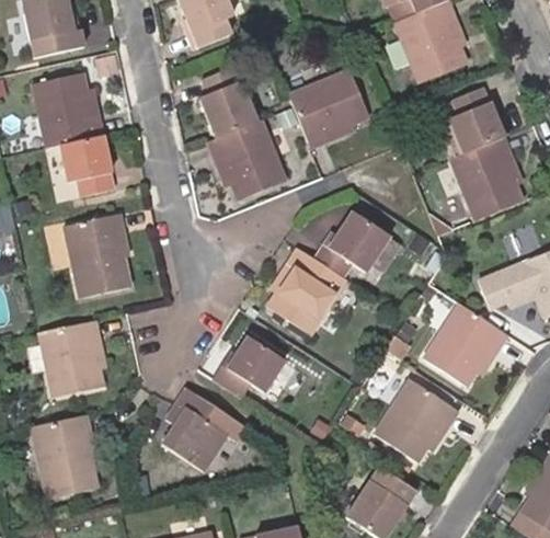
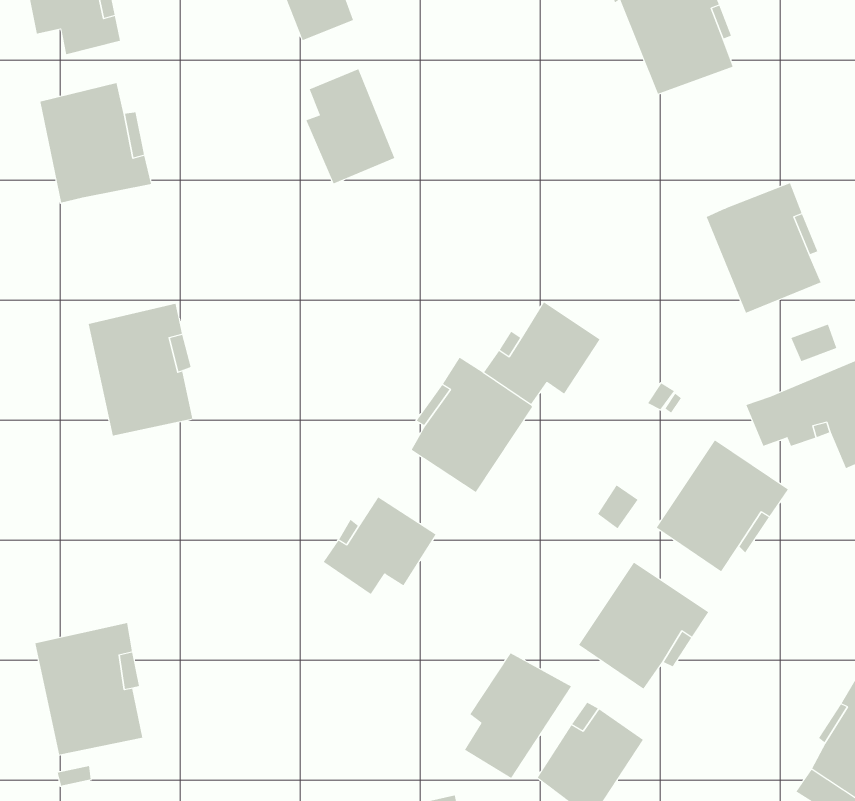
building: [288,68,370,148] -> none
building: [454,87,508,153] -> none
building: [208,121,286,199] -> none
building: [59,138,114,197] -> none
building: [39,321,102,398] -> none
building: [156,390,245,473] -> none
building: none -> [464,652,572,779]

